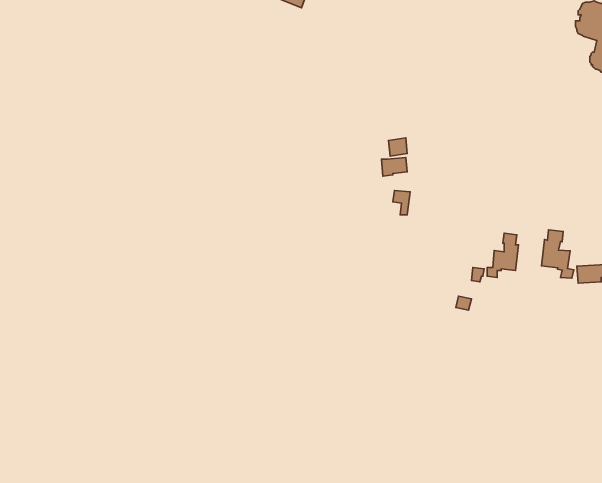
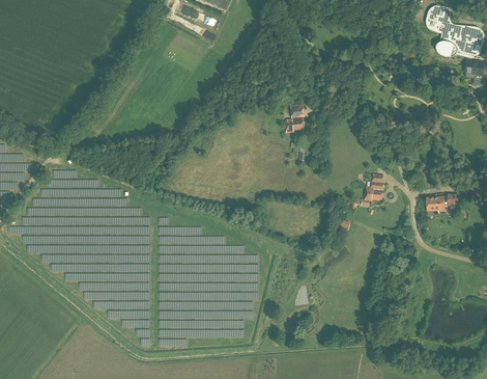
building: [542,230,574,278] -> none

